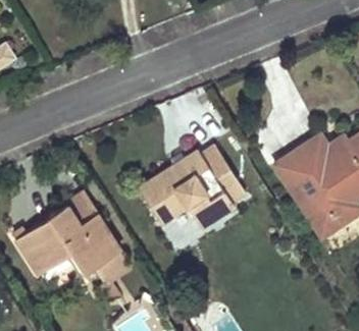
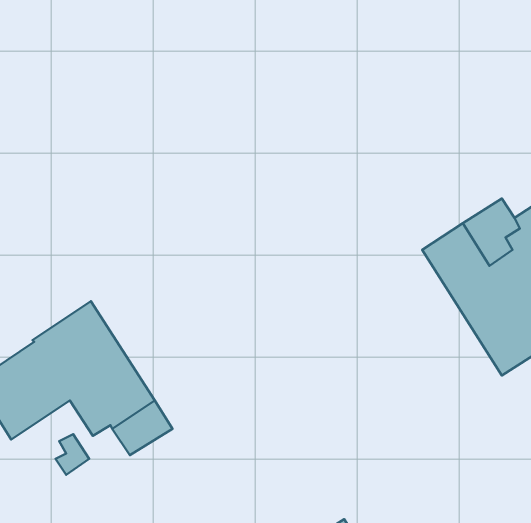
building: [139,141,245,225] -> none

